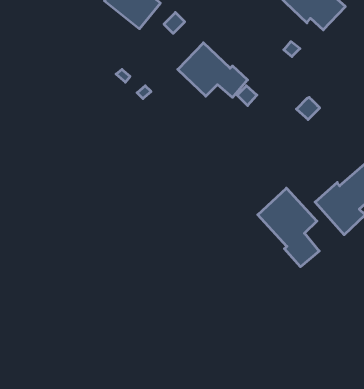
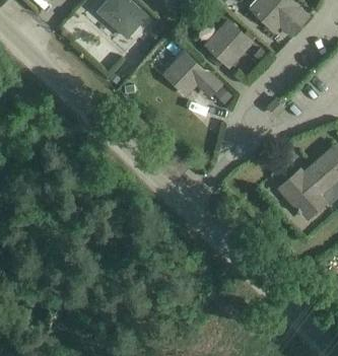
building: none -> [204,17,255,69]
building: [258,188,319,267] -> none

